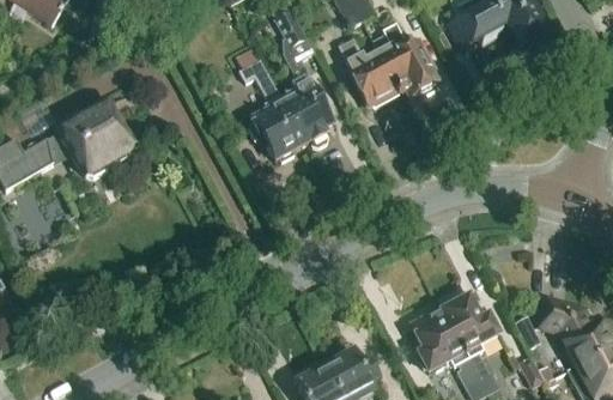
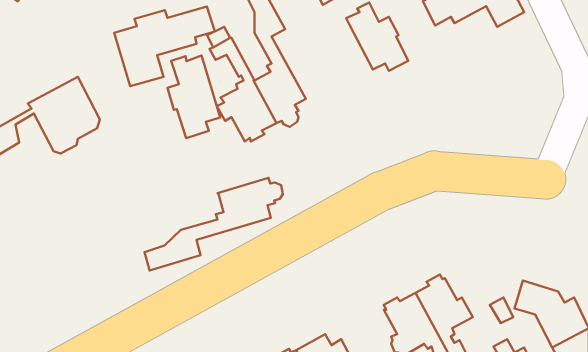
building: none -> [114,6,215,86]
building: [339,37,400,104] -> none
building: none -> [167,56,220,138]
building: none -> [145,178,283,270]

